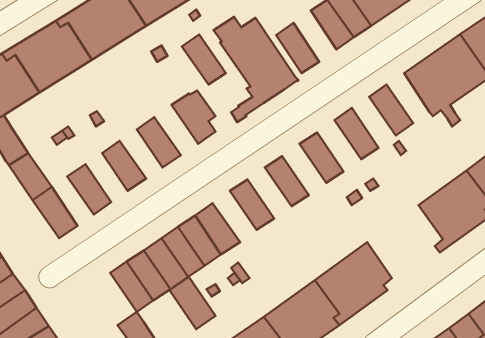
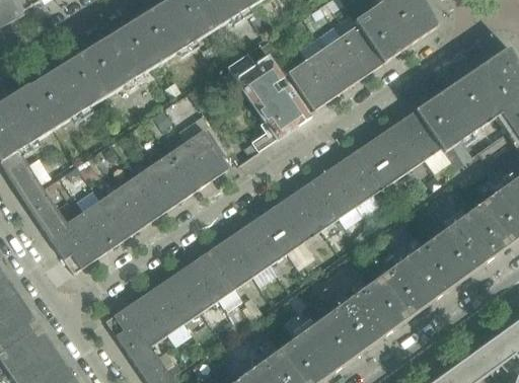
building: none -> [305,48,348,98]
building: [182,34,226,85] -> [167,141,211,190]
building: none -> [397,109,440,159]
building: none -> [363,133,406,183]
building: none -> [328,156,372,207]
building: none -> [133,165,175,214]
building: none -> [294,179,338,230]
building: none -> [99,188,141,237]
building: none -> [260,203,303,253]
building: none -> [66,212,107,260]
building: none -> [225,226,269,277]
building: none -> [378,240,453,324]
building: [169,277,216,329] -> [104,307,150,359]

